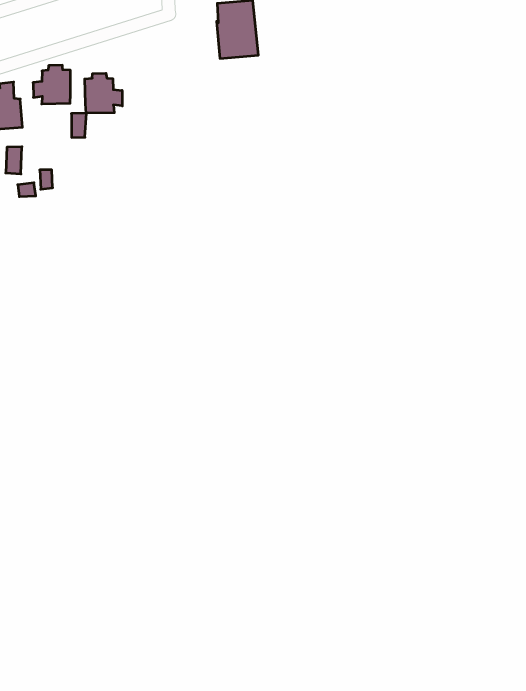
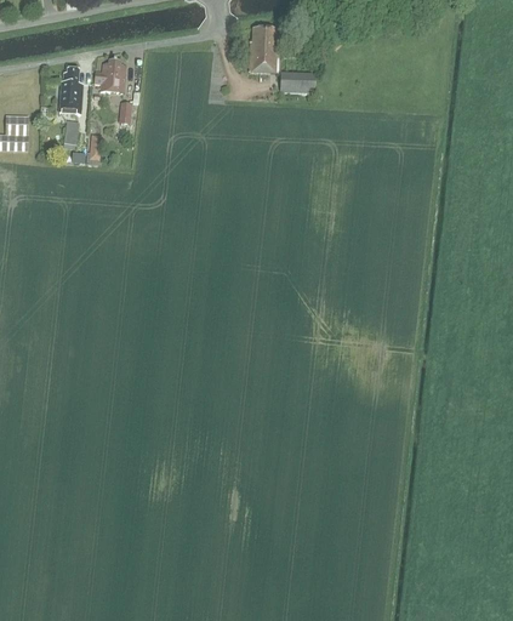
building: none -> [279,72,315,92]
building: [85,73,122,113] -> none

